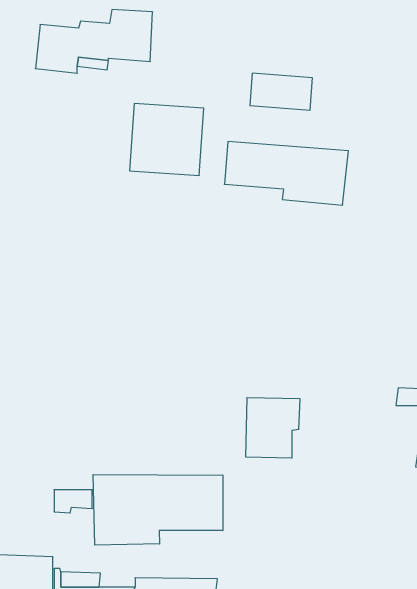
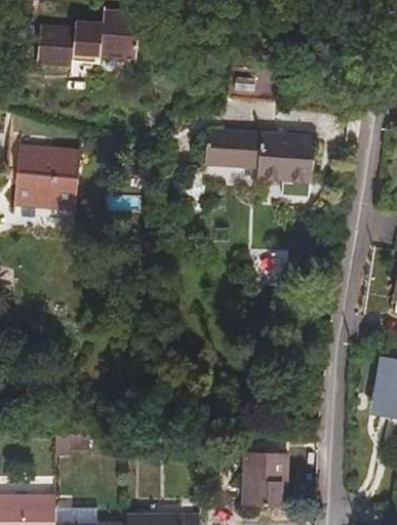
building: [130,104,204,175] -> [14,132,80,196]
building: [246,398,300,458] -> [241,453,289,507]
building: [93,475,223,545] -> none

